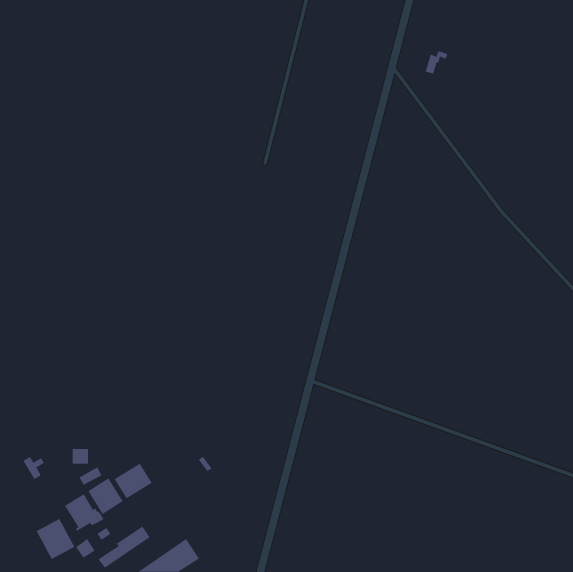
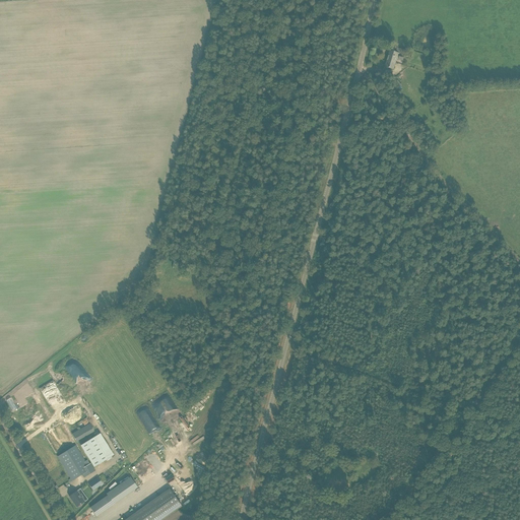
building: [114,463,152,499] -> none
building: [36,518,75,560] -> none

